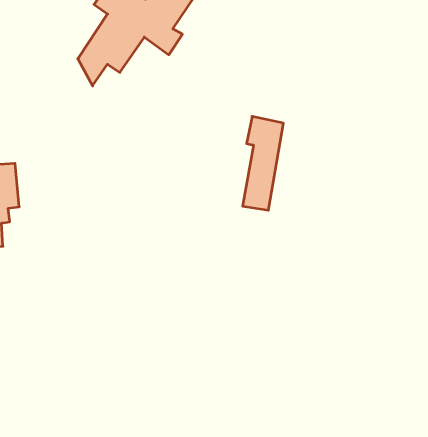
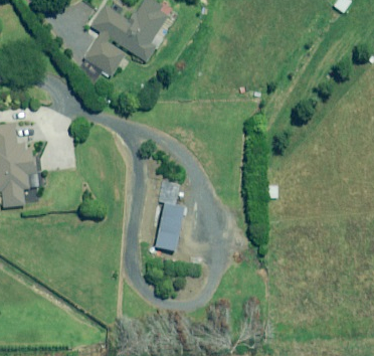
building: [243,116,283,210] -> [157,180,187,249]

